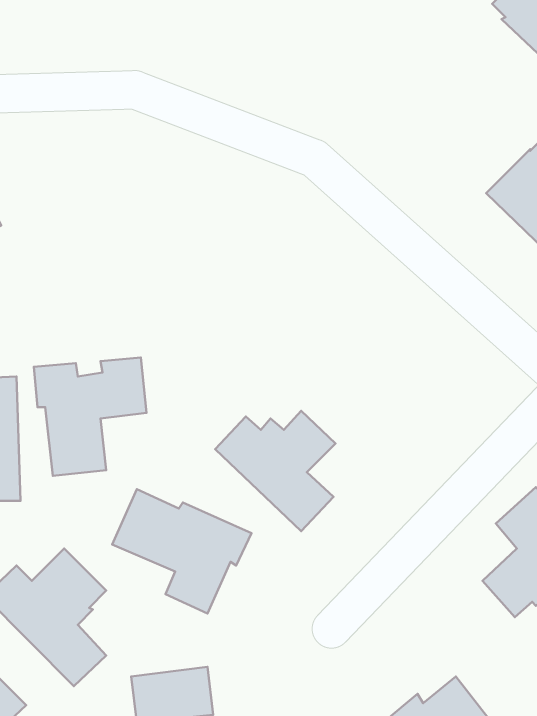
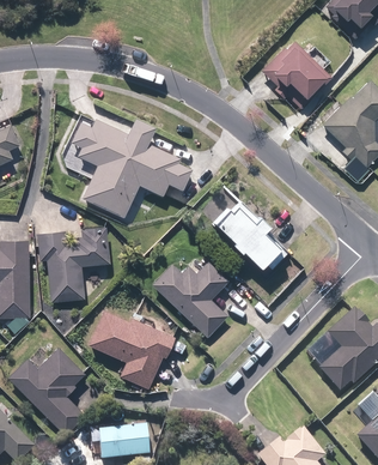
building: none -> [261,42,330,108]
building: none -> [71,119,190,218]
building: none -> [212,200,286,270]

